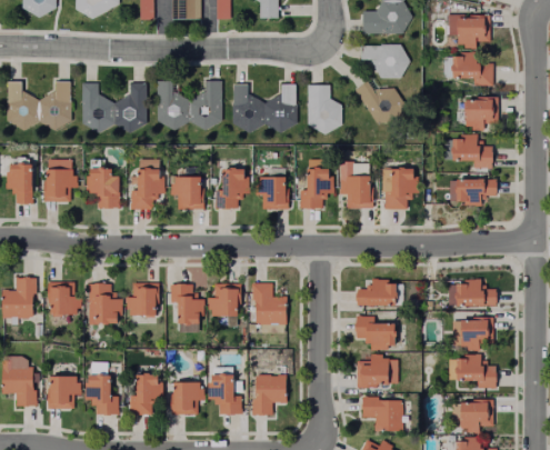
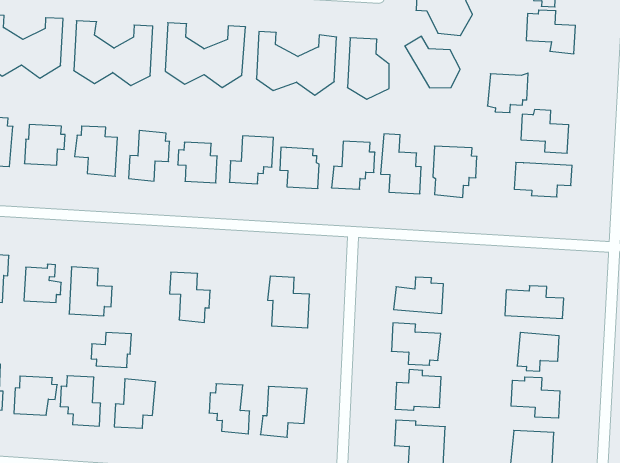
building: [466,97,498,130] -> [487,73,528,113]
building: [126,288,158,316] -> [91,333,131,367]
building: [208,289,240,327] -> none
building: [170,382,204,414] -> none

